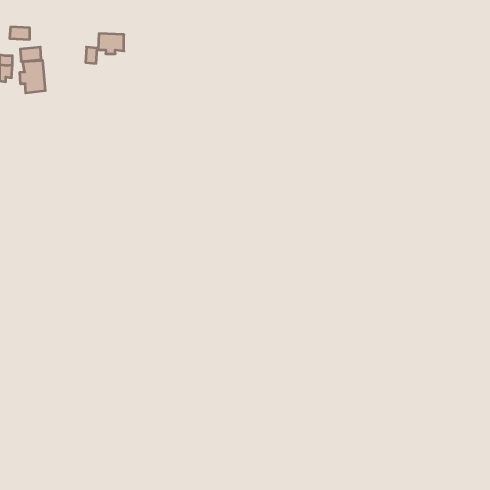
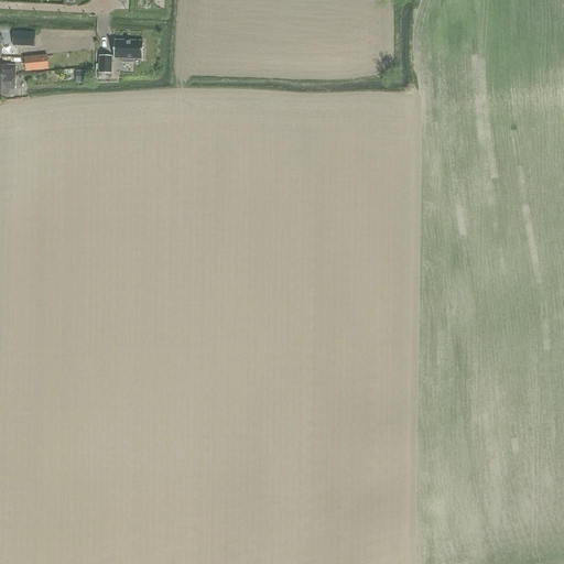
building: [20,60,45,93] -> none

